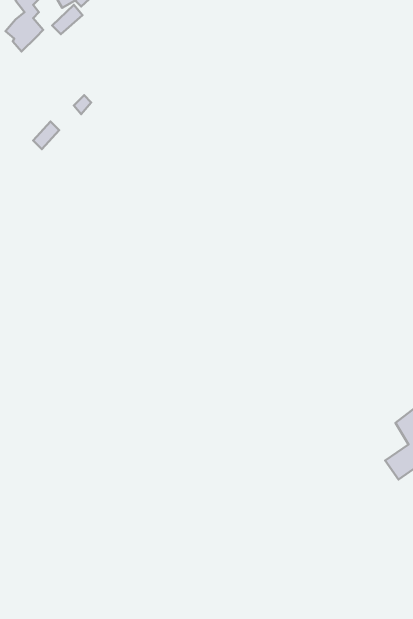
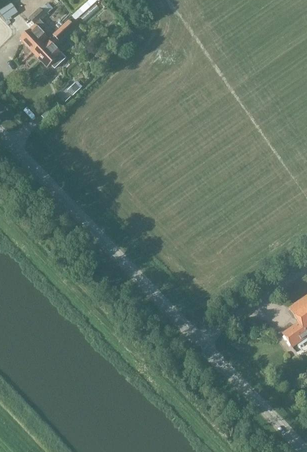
building: none -> [34,39,67,66]

